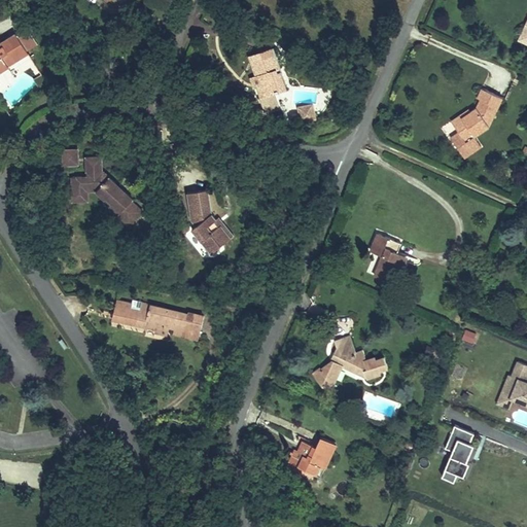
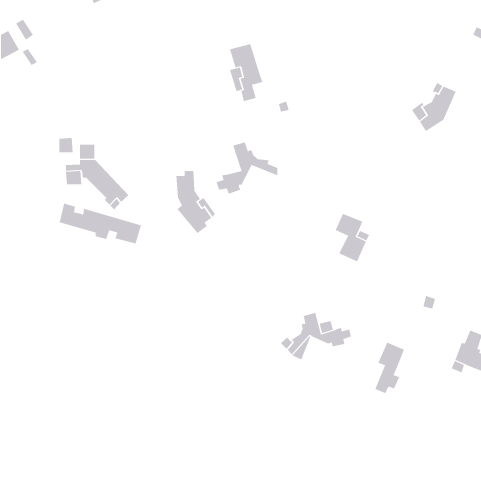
building: none -> [216,142,278,195]
building: [114,301,205,346] -> [59,203,142,244]
building: [443,420,476,477] -> [375,342,405,394]
building: [289,429,338,466] -> none

